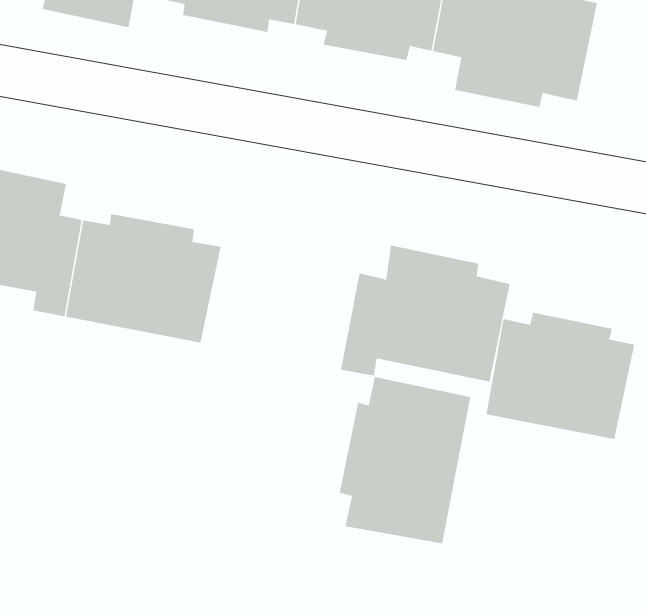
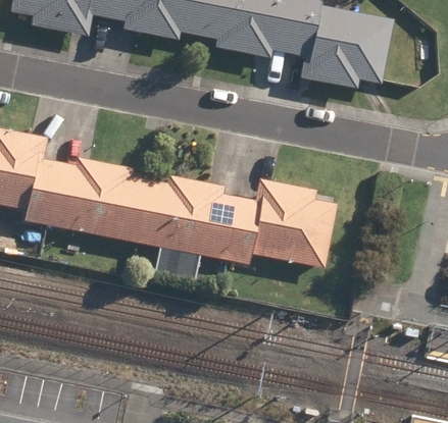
building: none -> [136,174,239,259]
building: [486,312,635,440] -> none
building: [339,376,471,544] -> none

